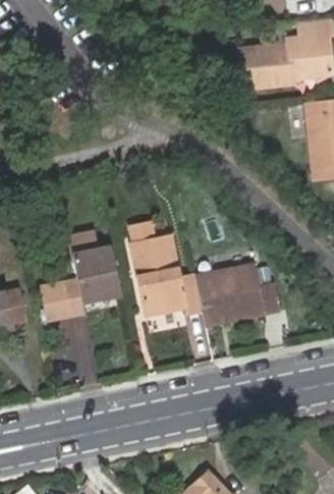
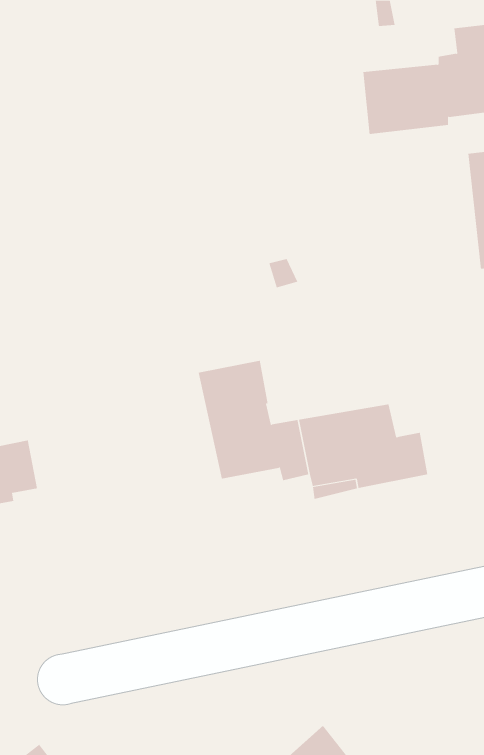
building: [40,245,121,320] -> none

